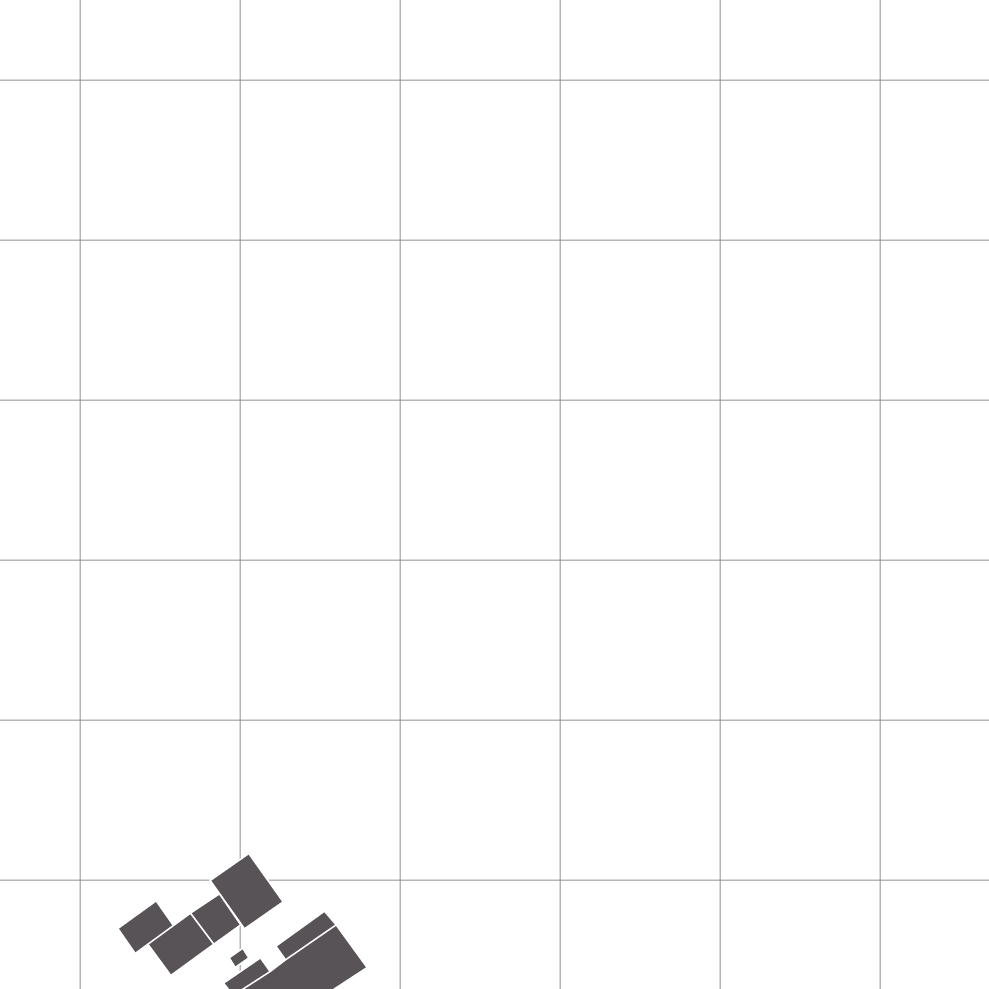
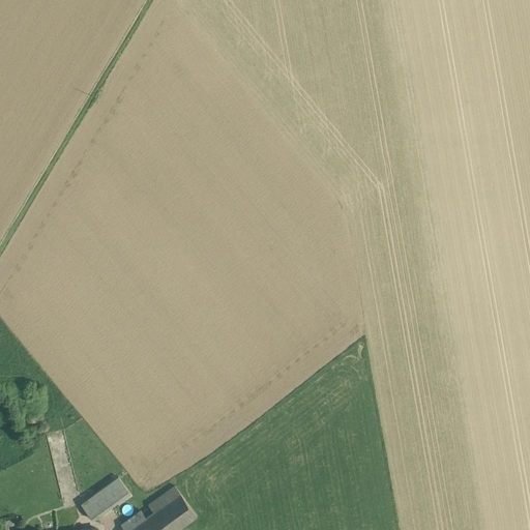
building: [210,854,283,929] -> none
building: [118,901,173,953] -> none

